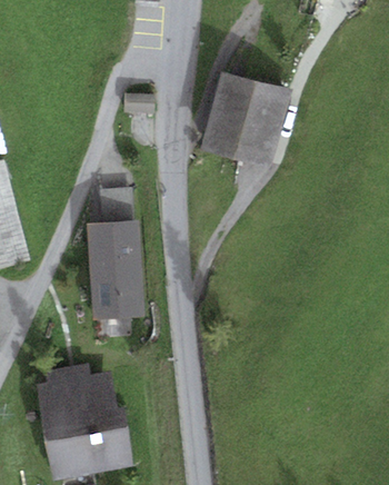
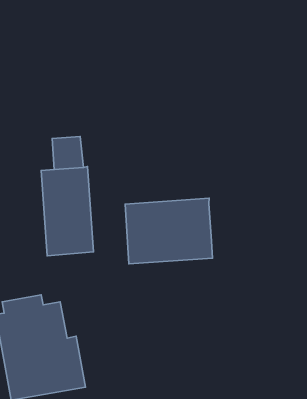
building: [198,72,290,167] -> none
building: none -> [125,198,213,264]

